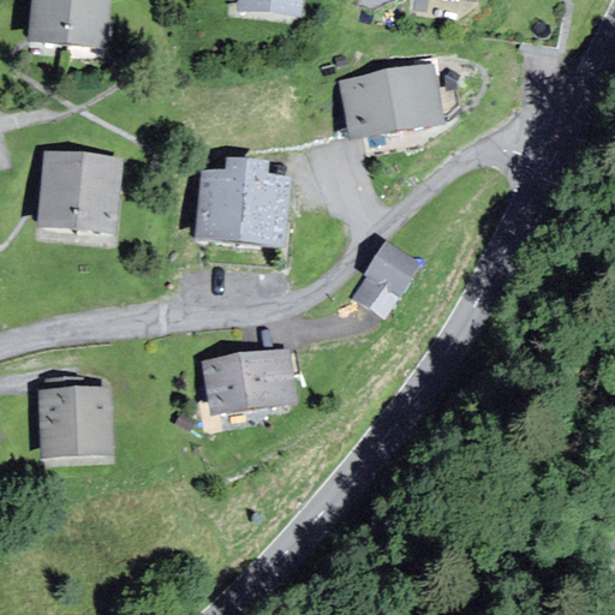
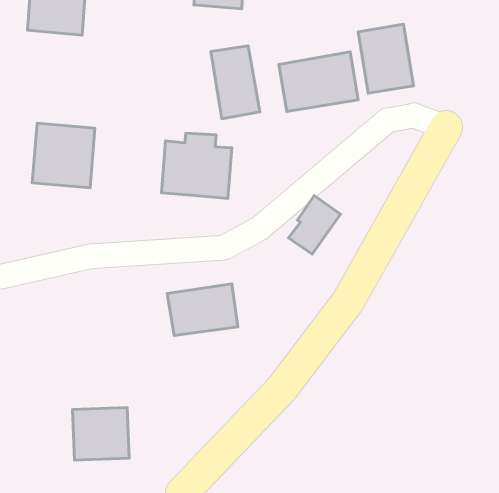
building: none -> [358,24,413,93]
building: none -> [211,46,260,119]
building: [40,388,109,453] -> [72,407,129,460]

